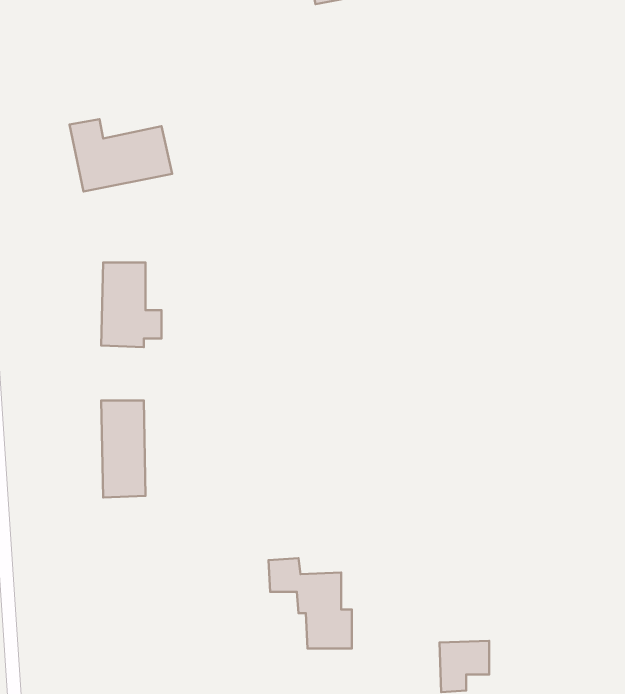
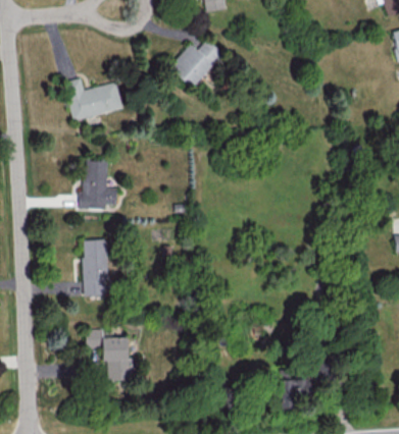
building: none -> [169,40,222,88]
building: [269,558,352,648] -> [86,328,134,380]

